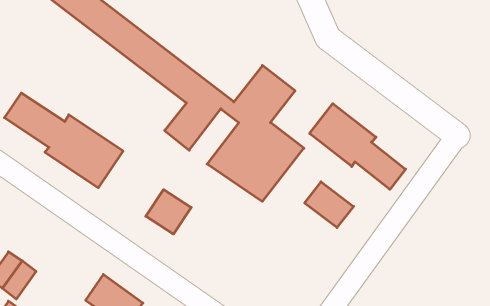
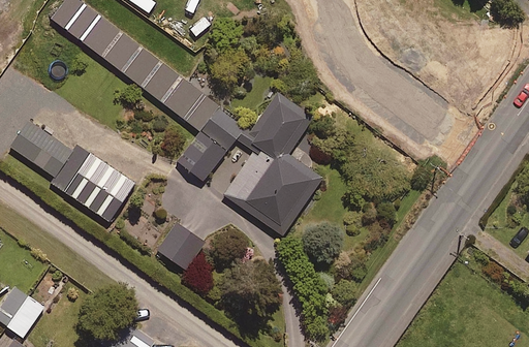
building: [310,104,406,189] -> none
building: [305,182,354,228] -> none

